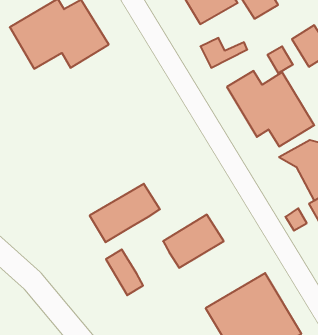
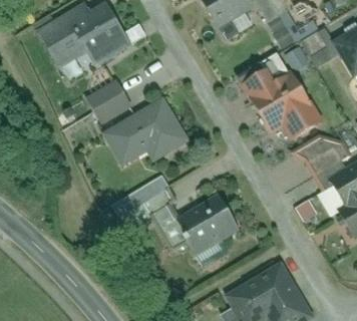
building: [200,38,247,68] -> [266,18,310,46]
building: none -> [86,79,129,121]
building: none -> [101,97,187,168]
building: [106,249,143,295] -> [152,207,188,250]

